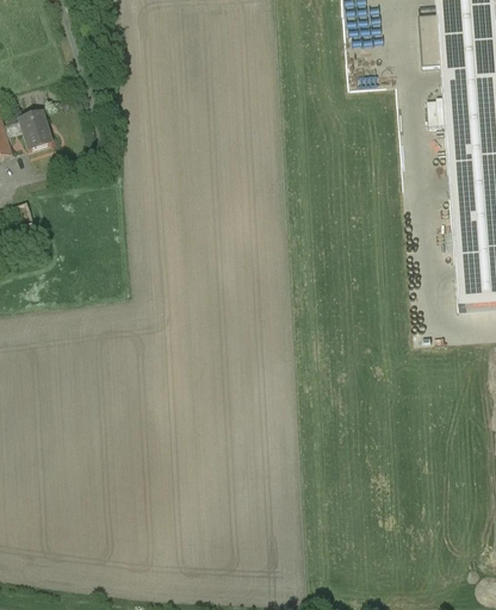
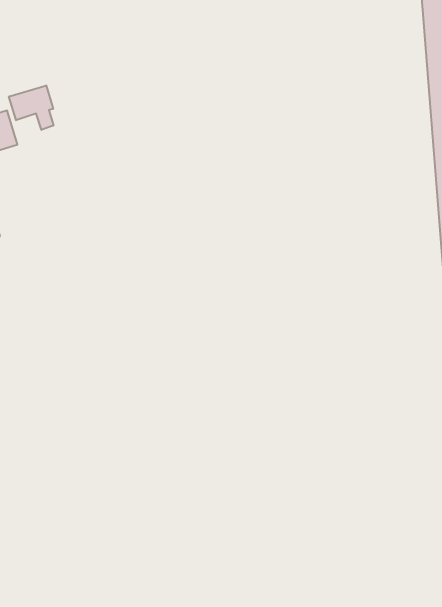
building: none -> [9,85,53,130]

